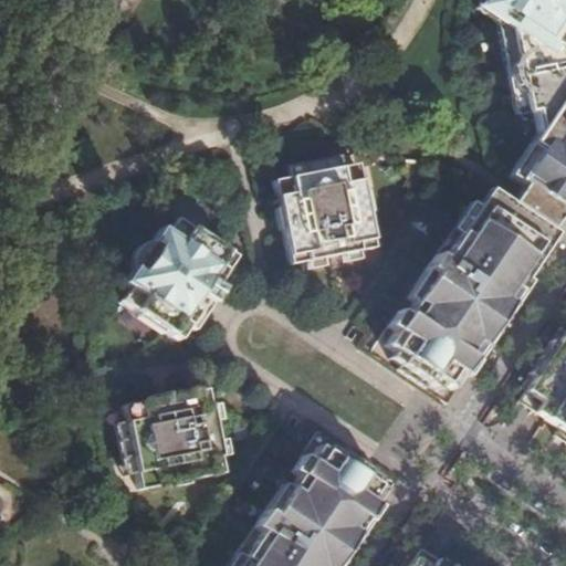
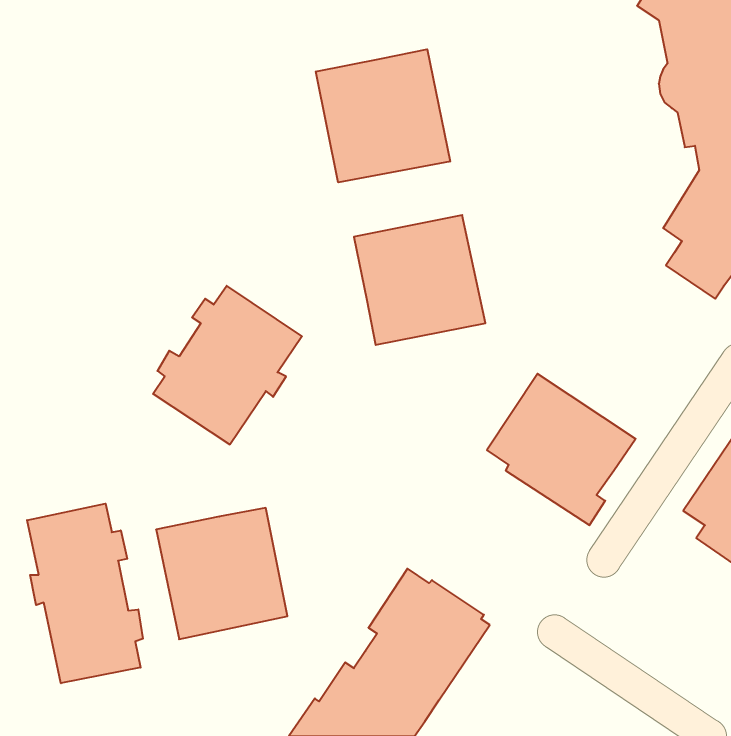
building: none -> [316,49,450,182]
building: [417,189,559,336] -> none
building: none -> [27,504,143,683]

